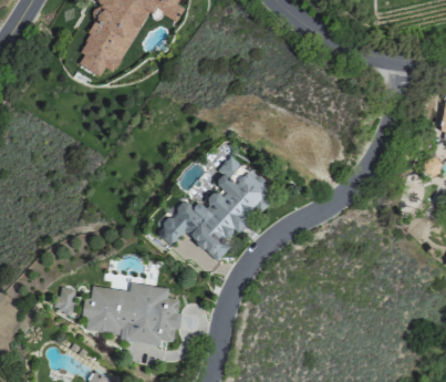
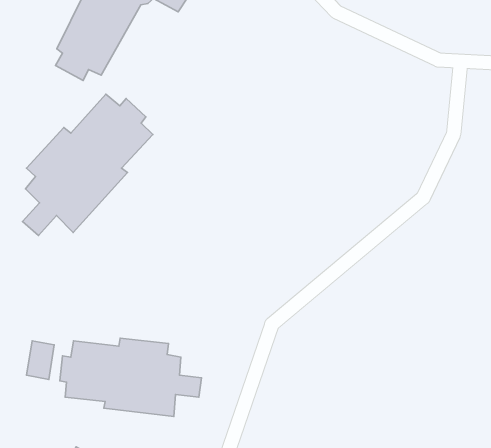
building: none -> [22,94,153,235]
building: [163,156,276,260] -> none

